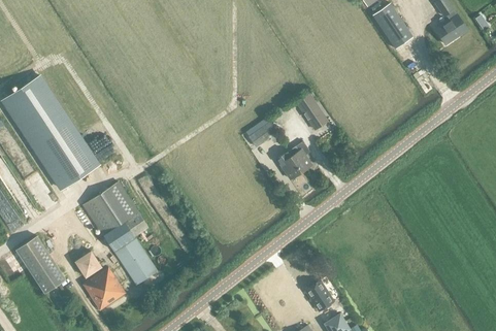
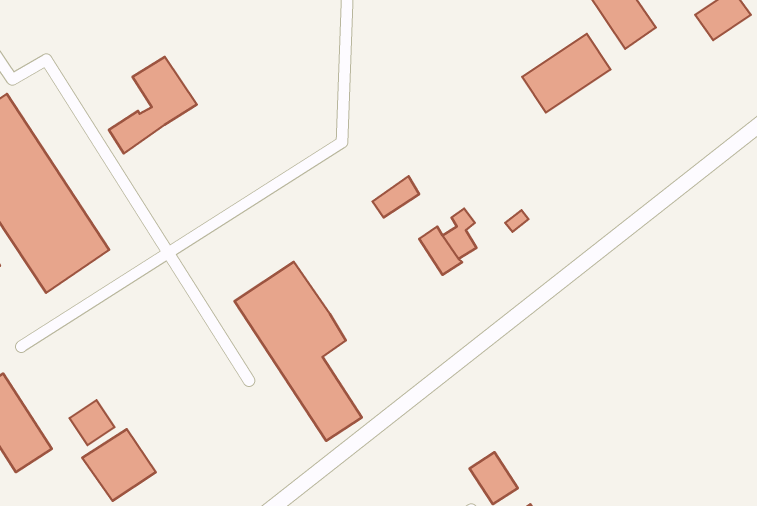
building: none -> [522,34,611,113]
building: none -> [109,57,197,153]
building: [296,94,327,130] -> none
building: [84,183,157,286] -> [235,262,362,441]

